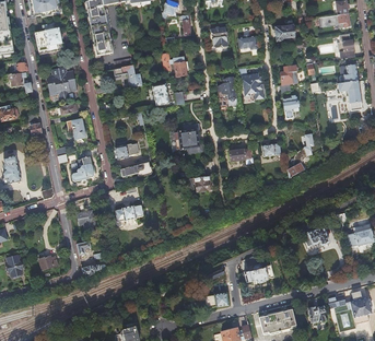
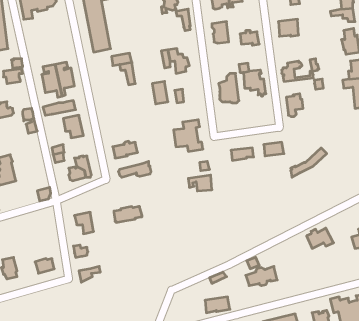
building: [35,23,66,54] -> none

